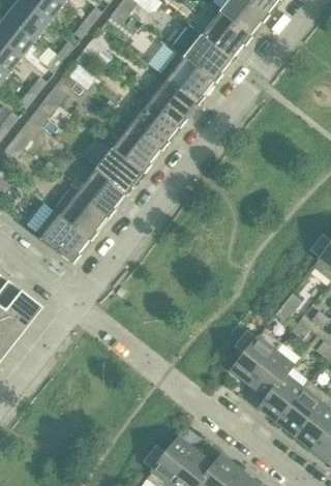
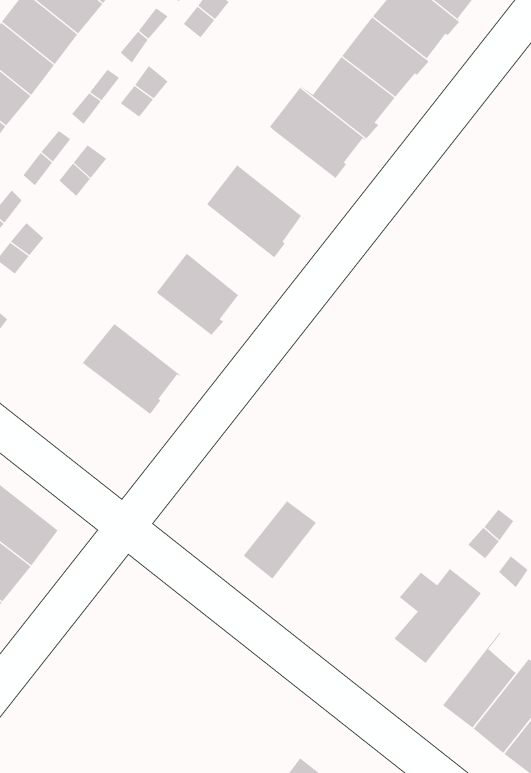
building: [142,74,199,127] -> none
building: [113,119,163,173] -> none
building: [71,170,127,217] -> none
building: [34,210,92,263] -> none
building: [250,342,293,406] -> [243,485,317,597]

